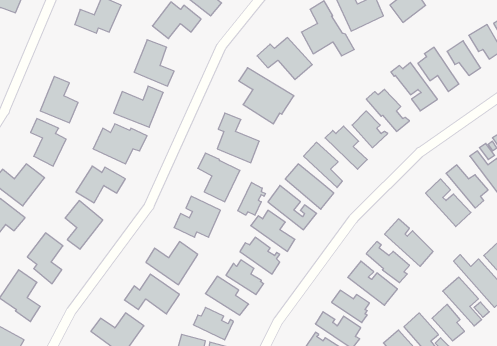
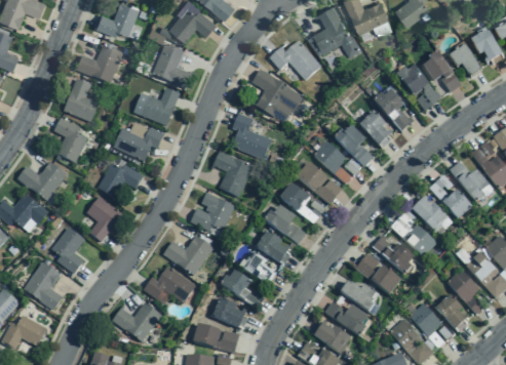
building: none -> [76,44,122,83]
building: [238,182,265,215] -> none
building: none -> [412,197,452,234]

